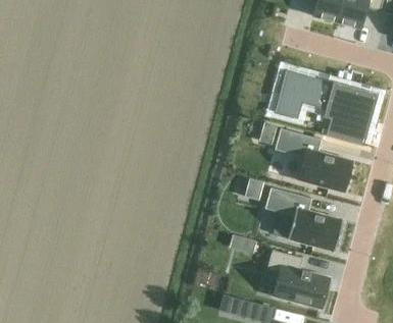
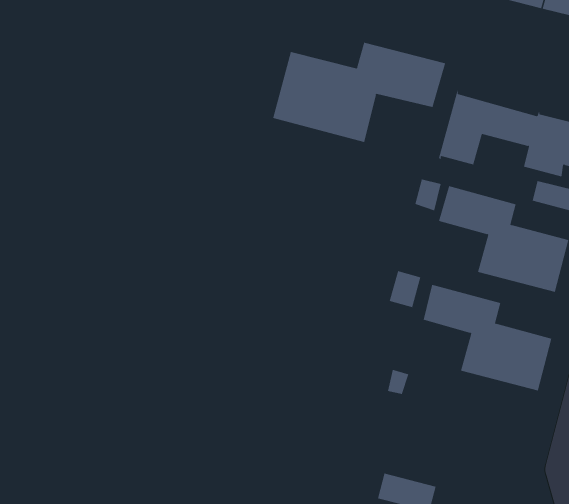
building: none -> [273,42,446,143]
building: [266,249,329,309] -> none

